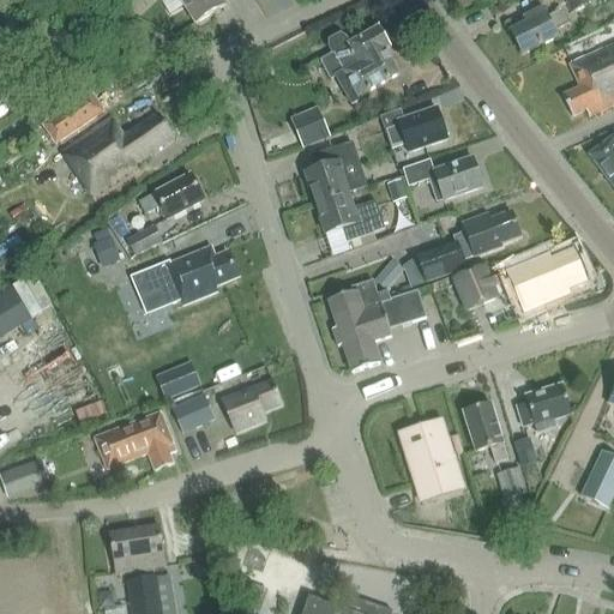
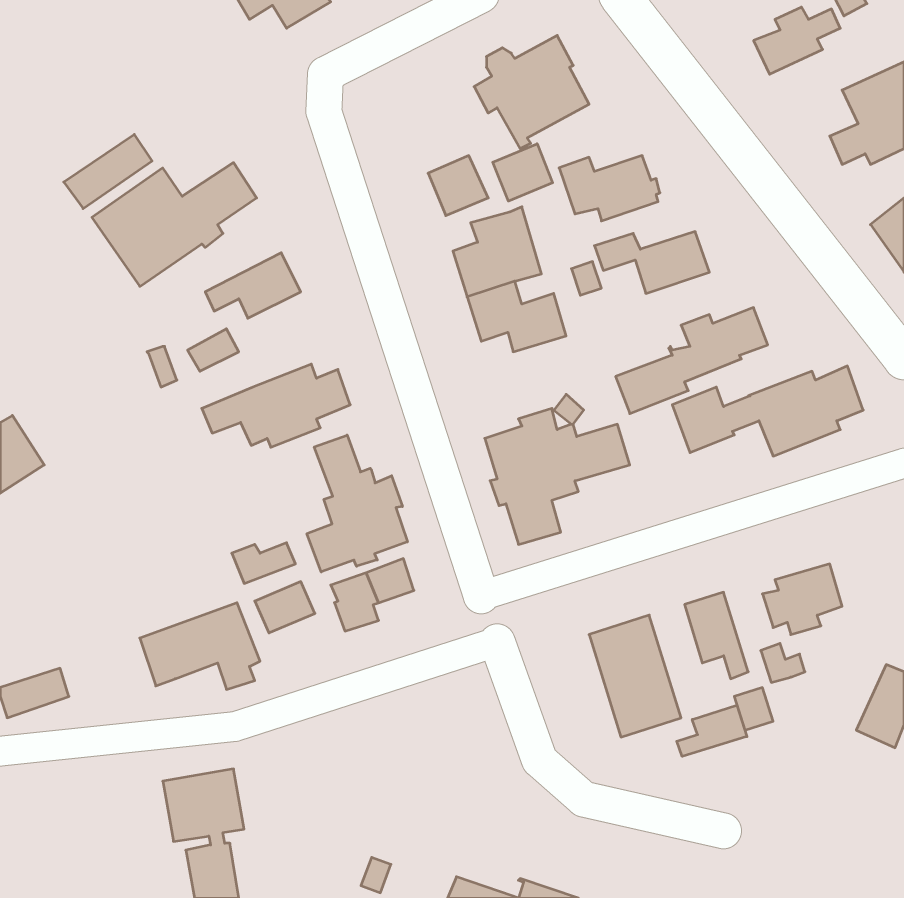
building: none -> [493,144,553,201]
building: none -> [307,435,407,572]
building: none -> [677,705,747,756]

